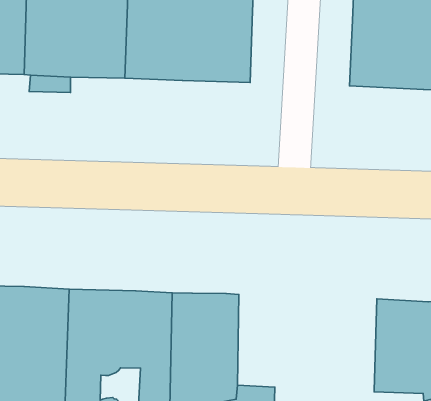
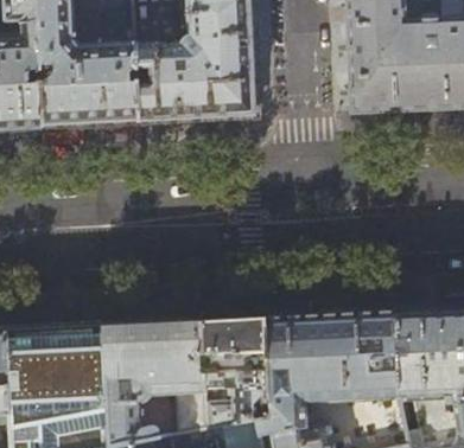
building: none -> [263,309,399,402]

